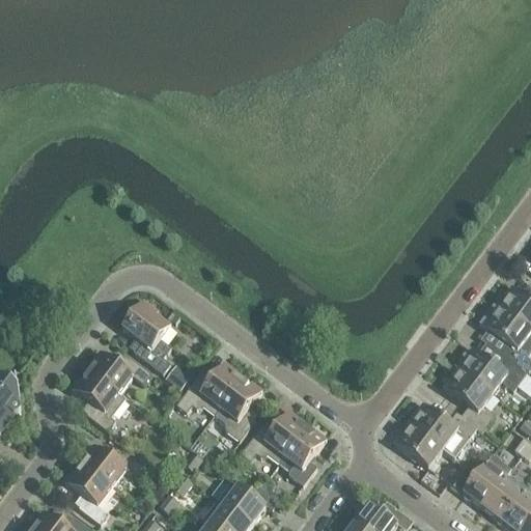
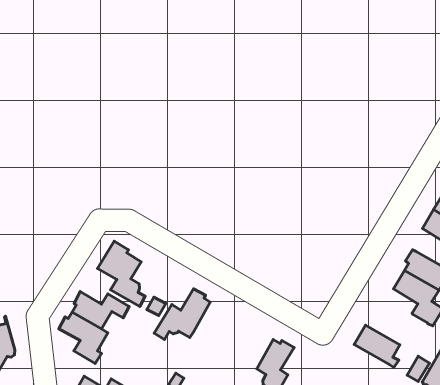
building: [219,379,262,442] -> none
building: [408,403,476,458] -> none
building: [240,411,305,464] -> none

